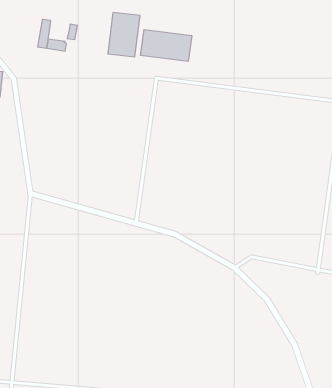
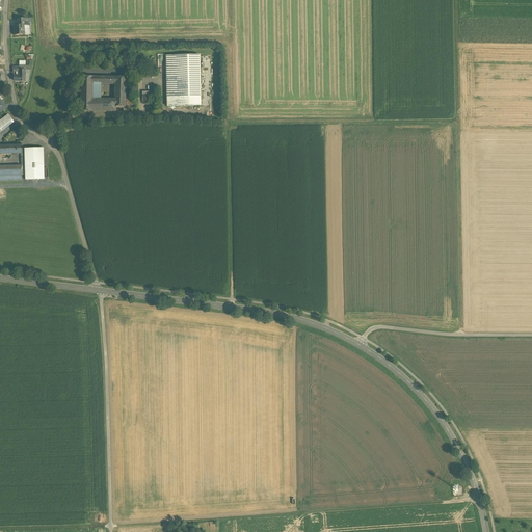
building: [141,30,192,61] -> none

